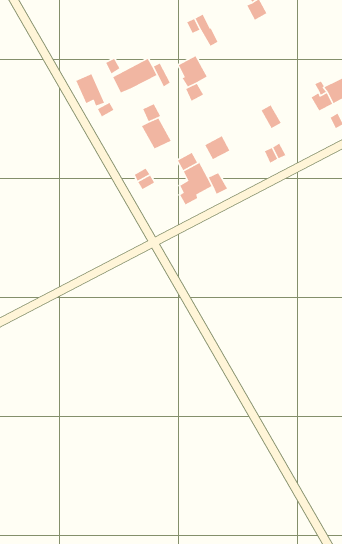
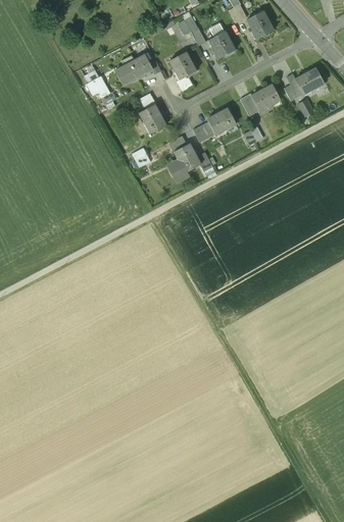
building: none -> [247,10,273,40]
building: none -> [209,22,235,58]
building: none -> [251,85,281,110]
building: none -> [207,108,236,134]

